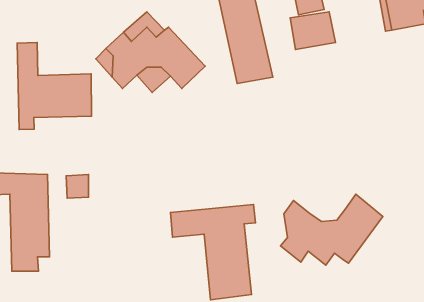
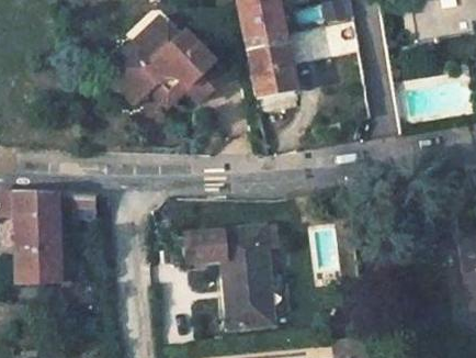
building: [17,42,91,129] -> none
building: [281,194,383,265] -> none

